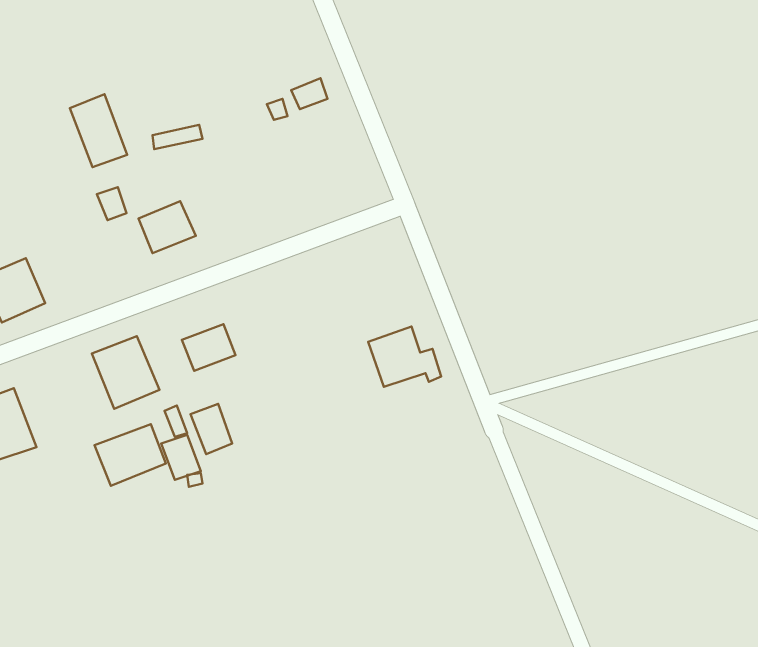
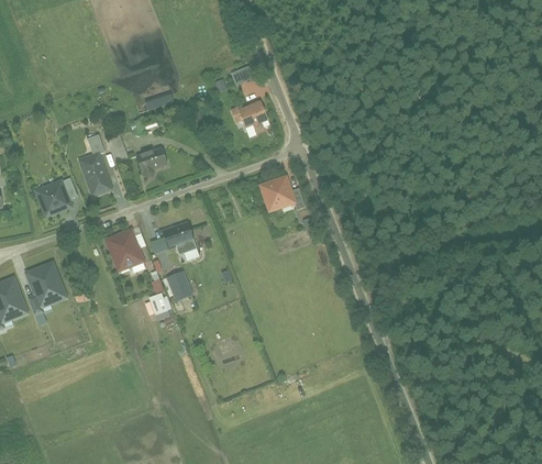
building: [70,94,127,167] -> [77,151,113,197]
building: none -> [229,99,268,129]
building: [368,326,441,387] -> [258,174,305,212]
building: [95,424,166,486] -> none

